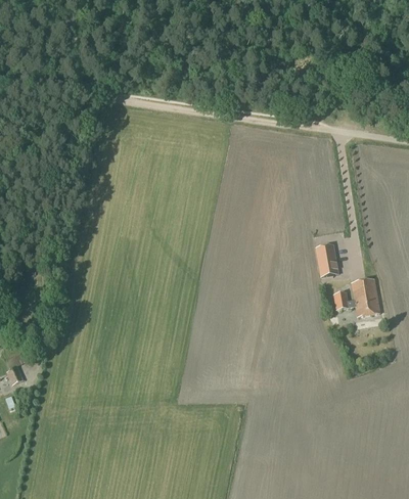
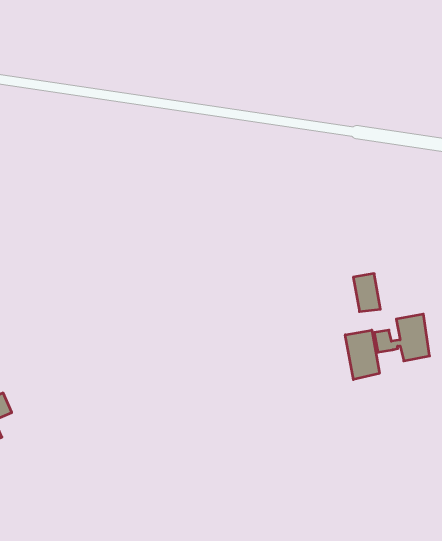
building: none -> [345,330,379,380]

